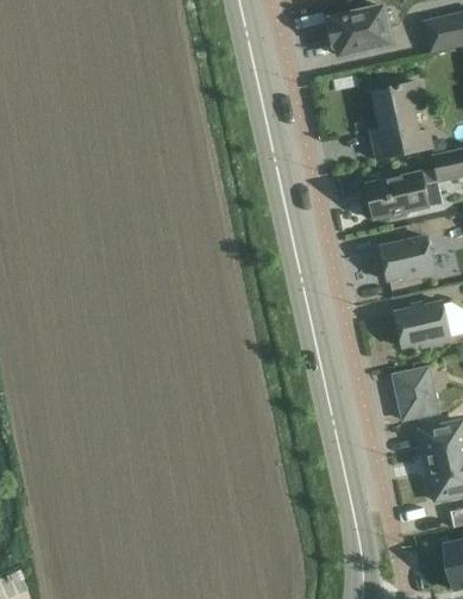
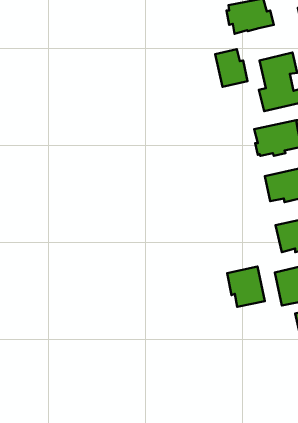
building: none -> [215,49,247,87]
building: none -> [227,267,265,307]

